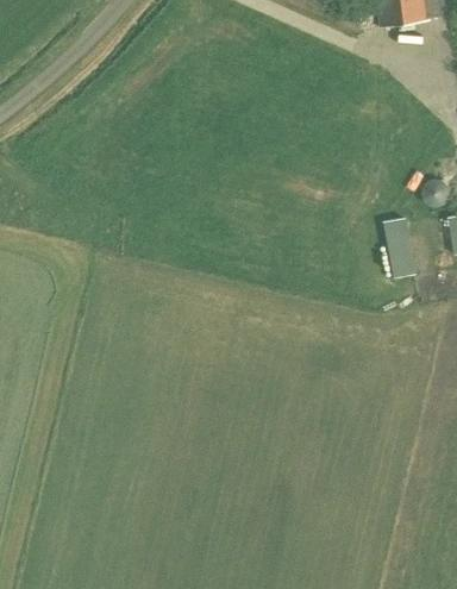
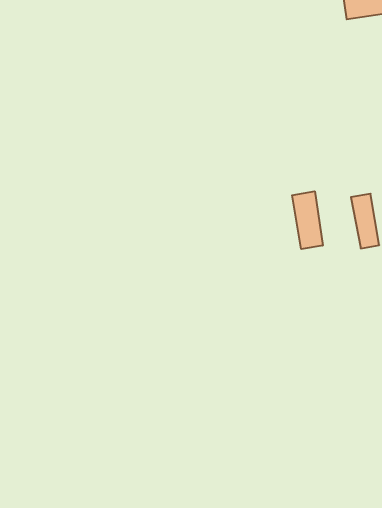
building: none -> [292,191,323,249]

